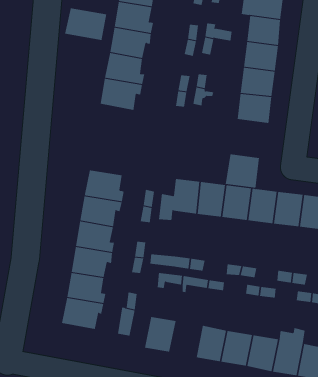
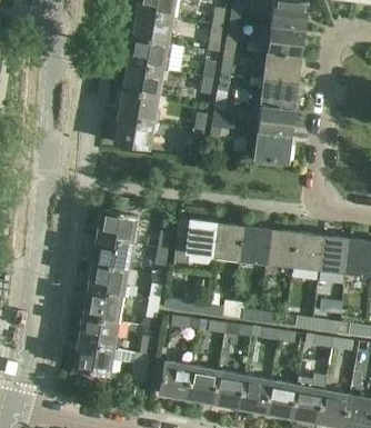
building: [64,8,107,41] -> none
building: [225,154,260,189] -> none
building: none -> [185,366,219,404]

